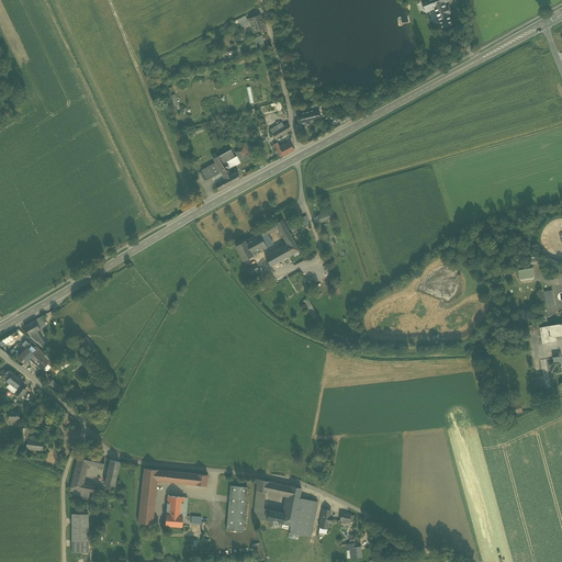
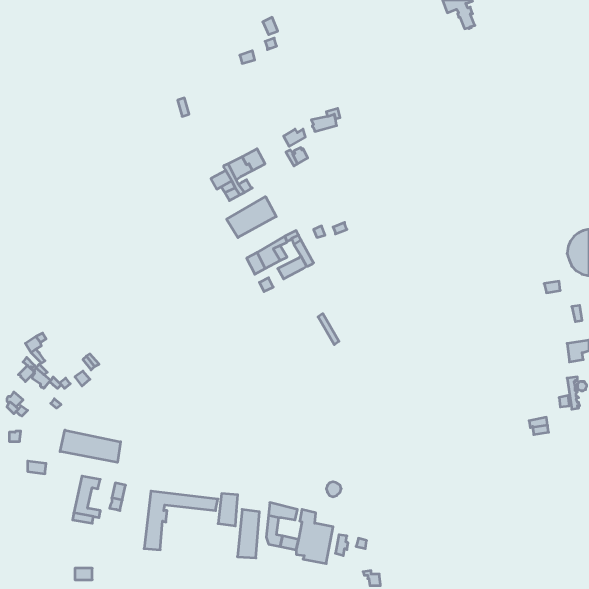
building: none -> [227,197,276,238]
building: none -> [60,430,121,462]
building: [165,496,183,527] -> [218,494,238,526]
building: [71,514,88,541] -> none

